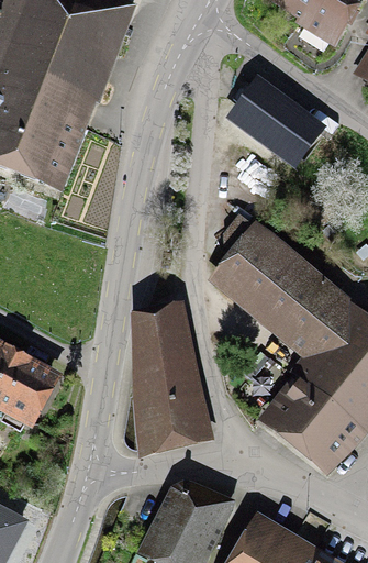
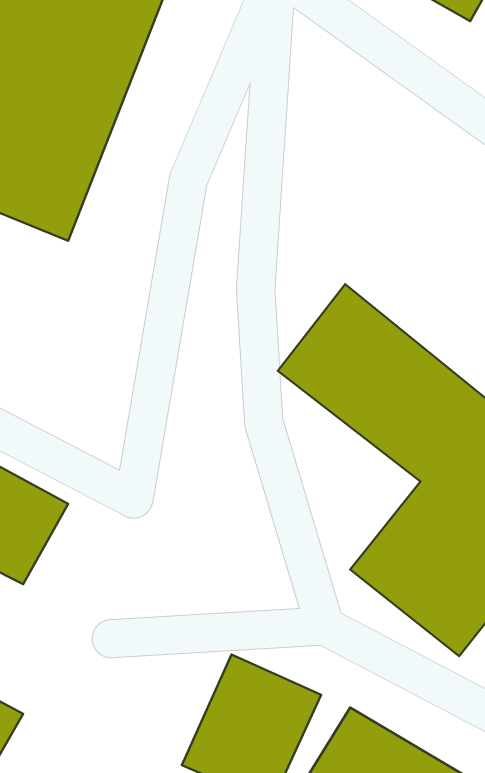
building: [231,80,322,163] -> none
building: [131,300,213,454] -> none

